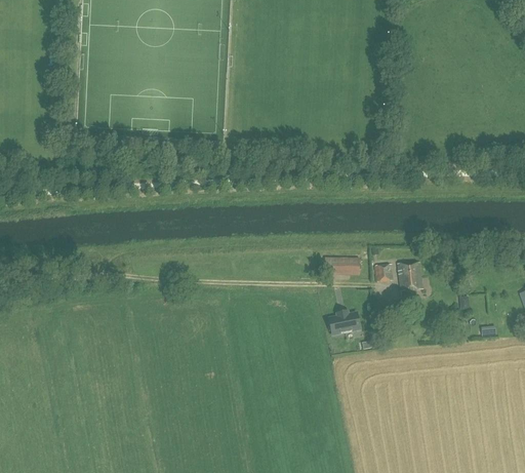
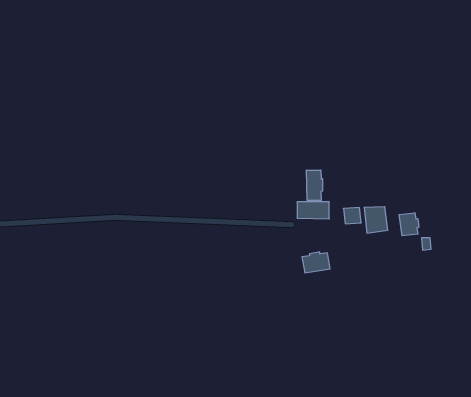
building: none -> [306,170,323,200]
building: none -> [399,213,419,236]

